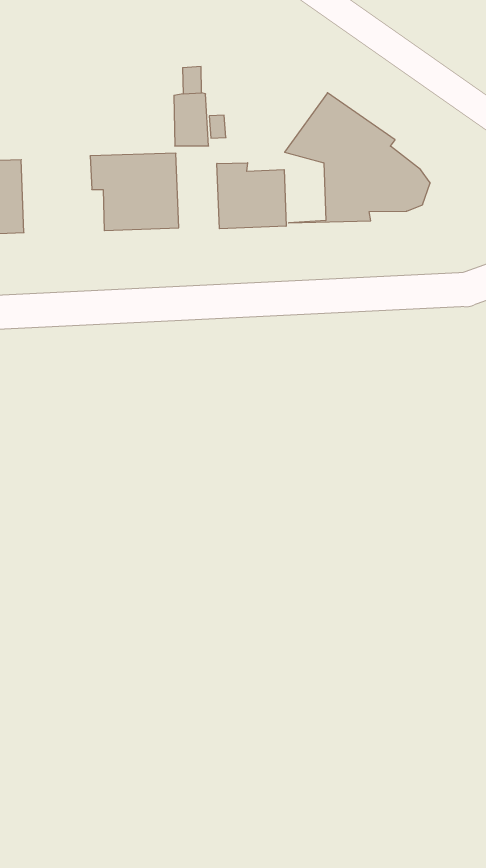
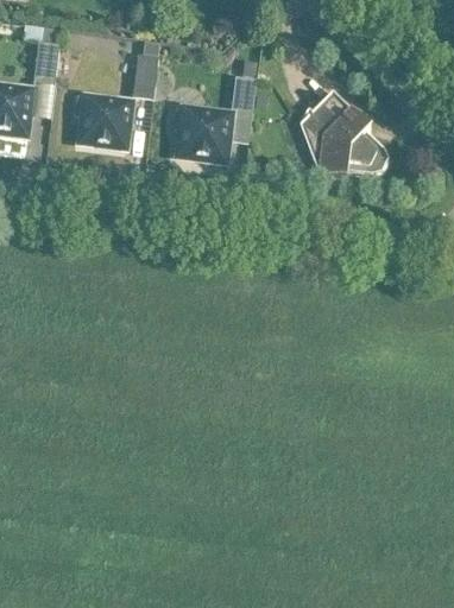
building: none -> [133,43,162,101]
building: [217,163,286,229] -> none

